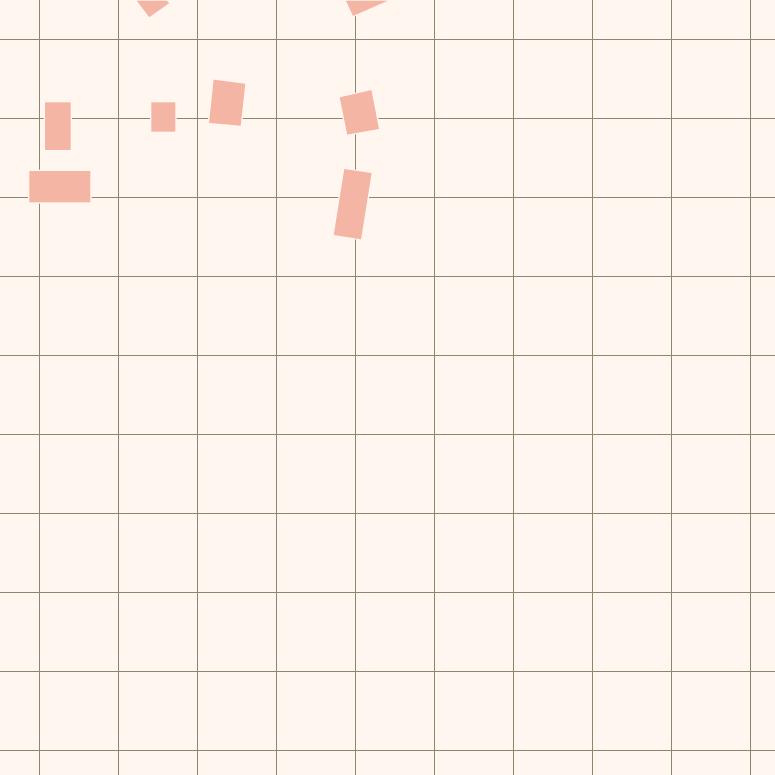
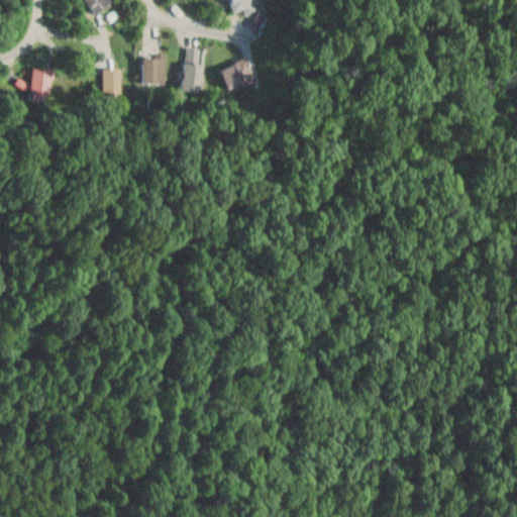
building: [333,168,372,240] -> [179,46,205,94]
building: [29,170,91,203] -> none

